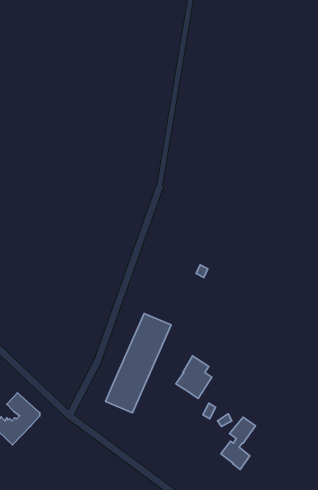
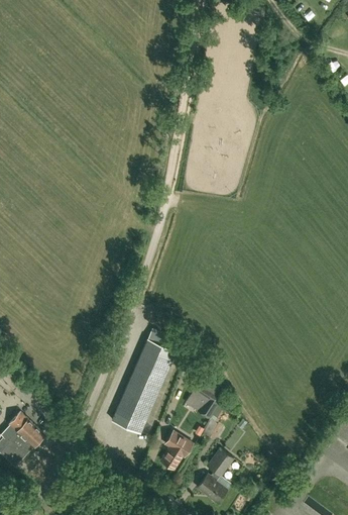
building: none -> [160,432,192,470]
building: [221,417,256,469] -> [197,449,233,504]

